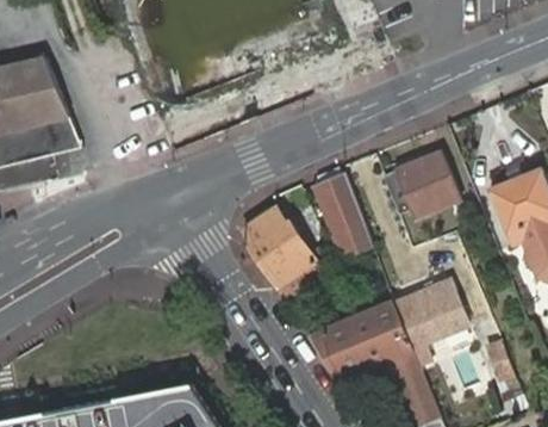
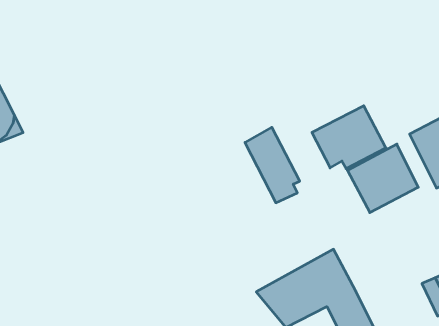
building: [243,204,324,301] -> none
building: [394,278,467,347] -> [347,144,418,213]

